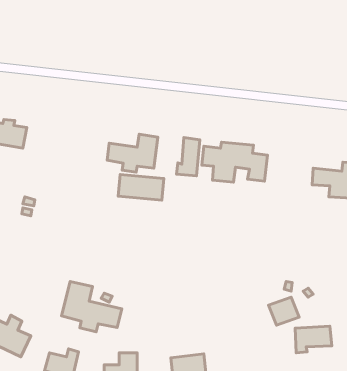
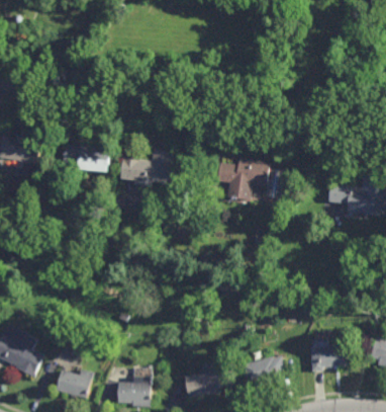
building: [177,137,200,176] -> none
building: [118,174,164,200] -> [63,145,109,171]
building: [61,282,122,332] -> none
building: [268,297,299,325] -> [248,356,279,385]

